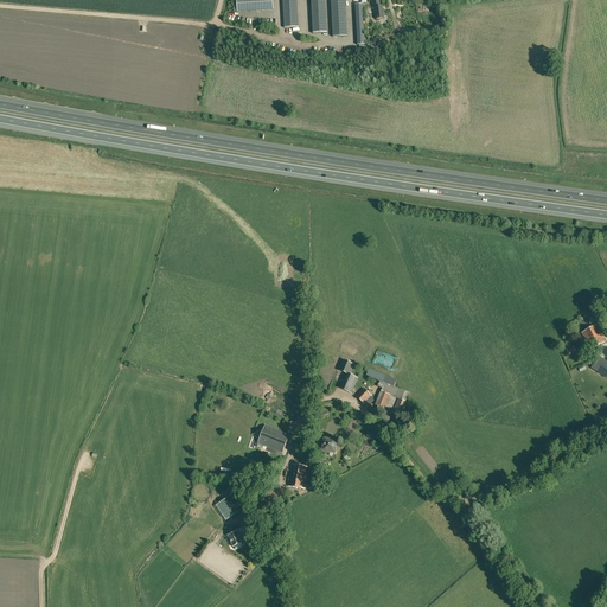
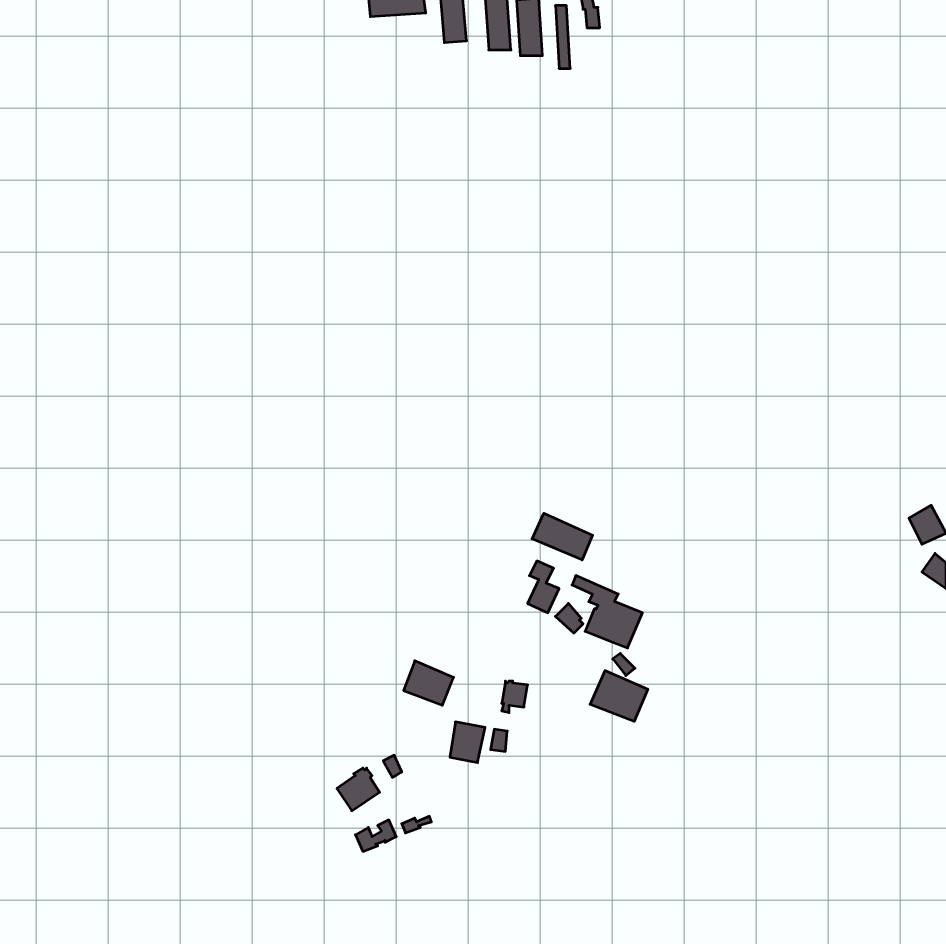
building: none -> [532,513,593,560]
building: none -> [590,671,648,721]

